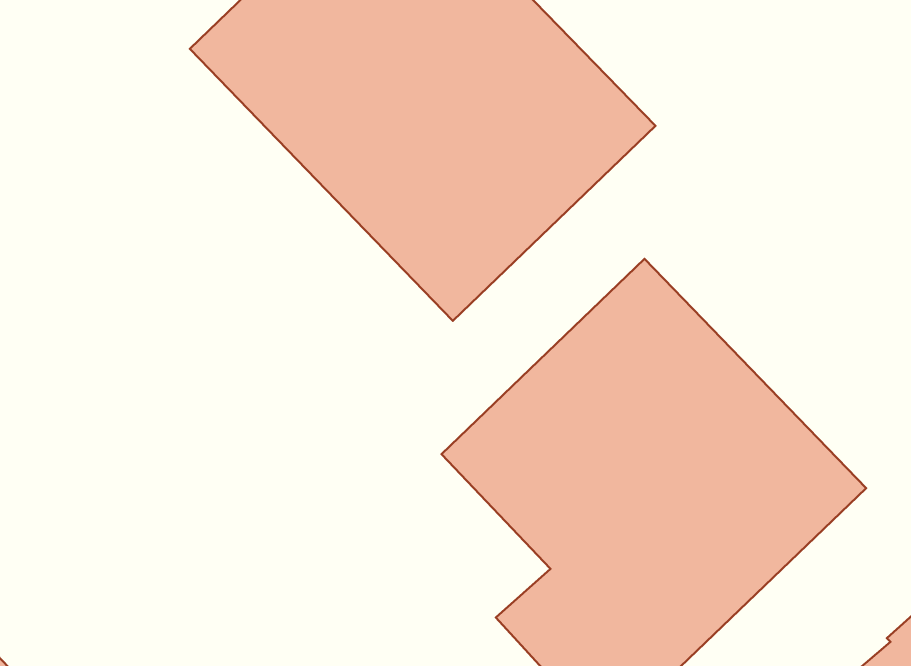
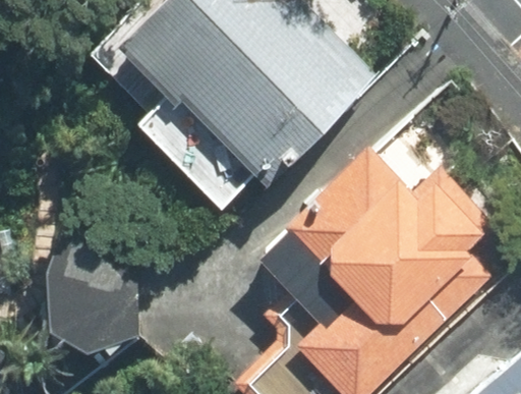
building: none -> [39,223,135,340]

